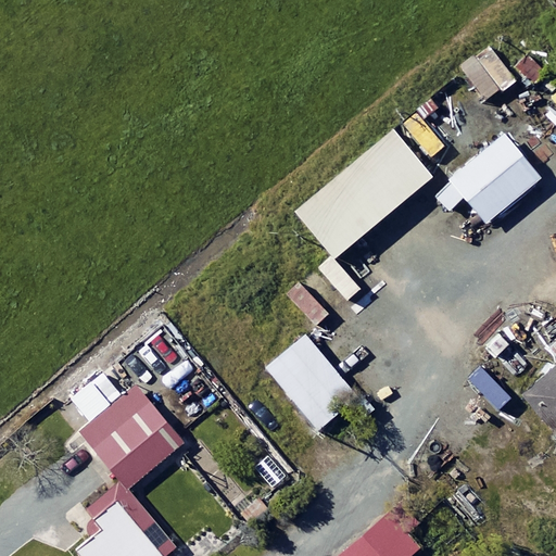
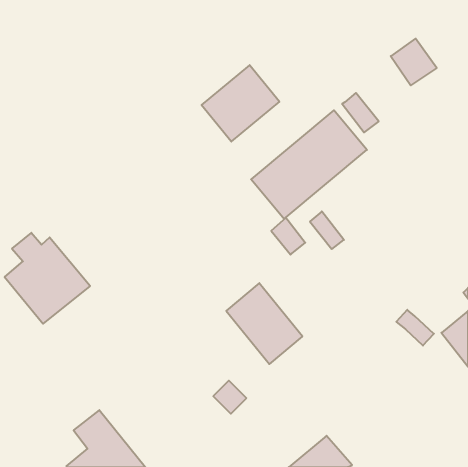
building: none -> [202,65,279,142]
building: [434,135,542,225] -> none
building: [81,379,182,486] -> [5,233,90,324]

